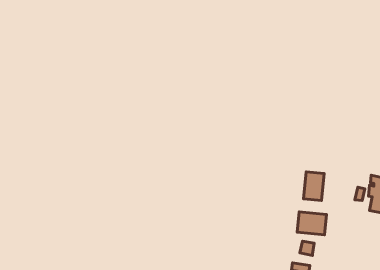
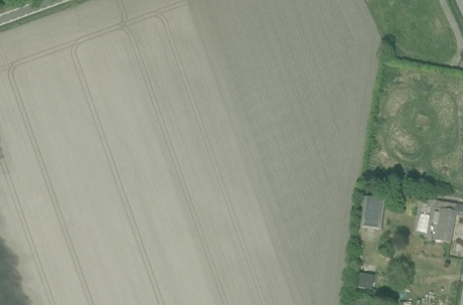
building: [297,212,327,235] -> none

